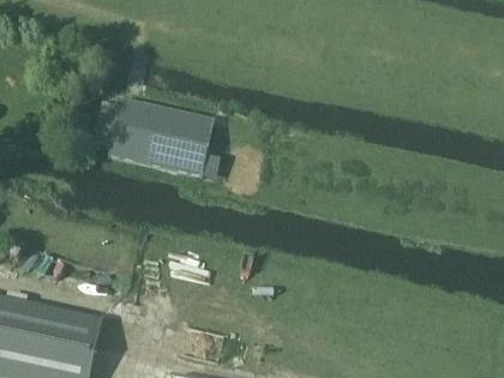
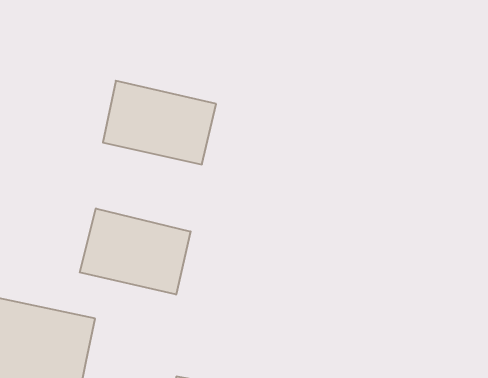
building: none -> [80,208,191,295]

